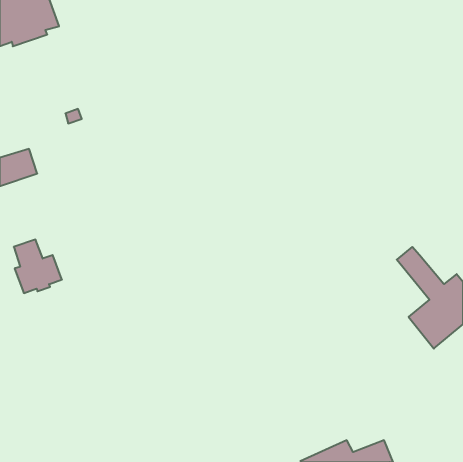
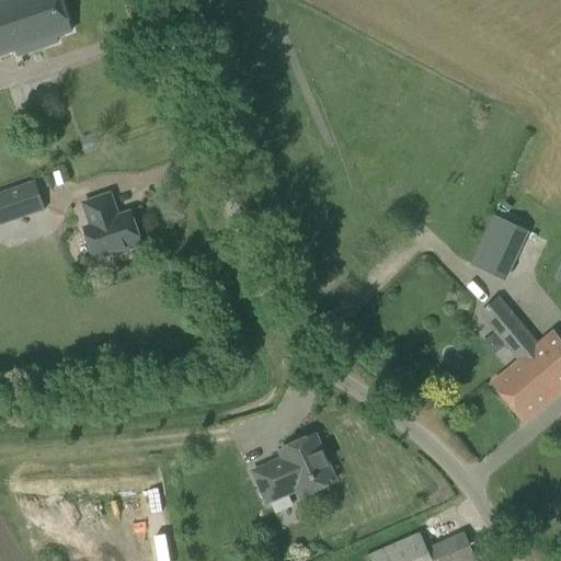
building: none -> [470,215,527,279]
building: [14,240,62,293] -> [84,194,142,259]
building: none -> [253,435,334,501]

